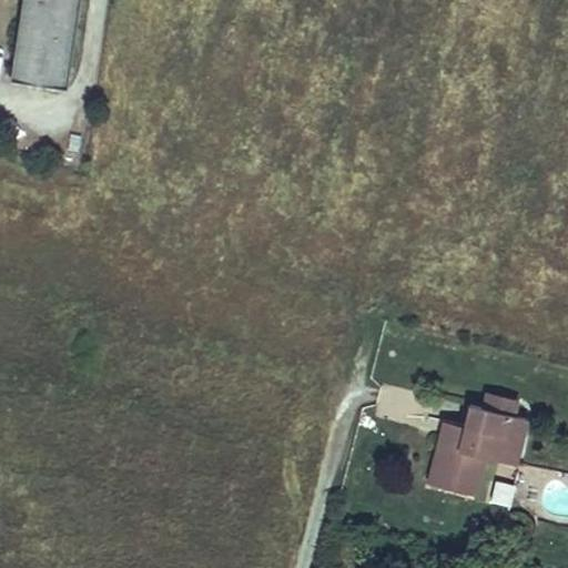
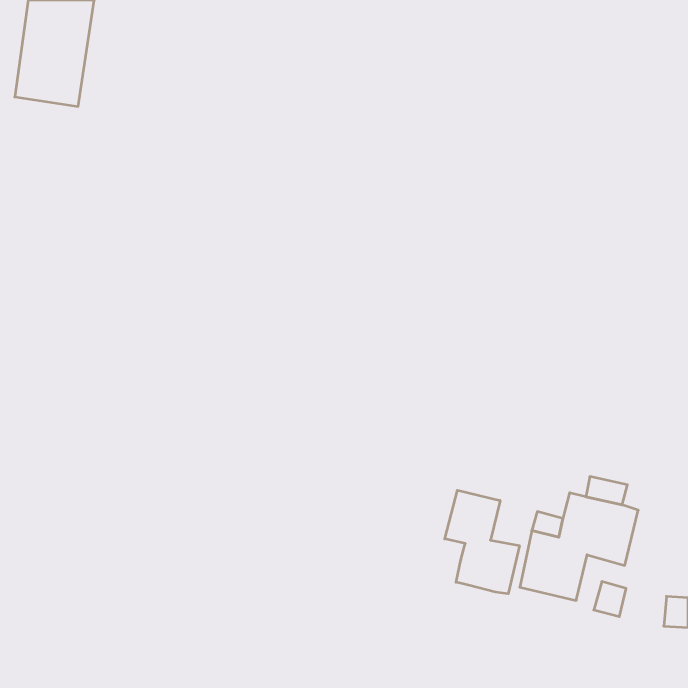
building: none -> [445,490,519,594]

